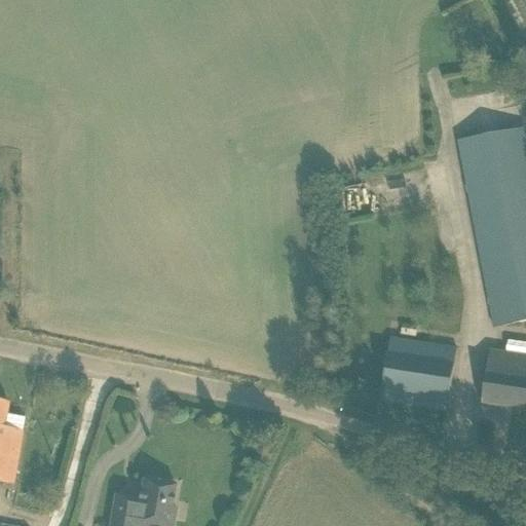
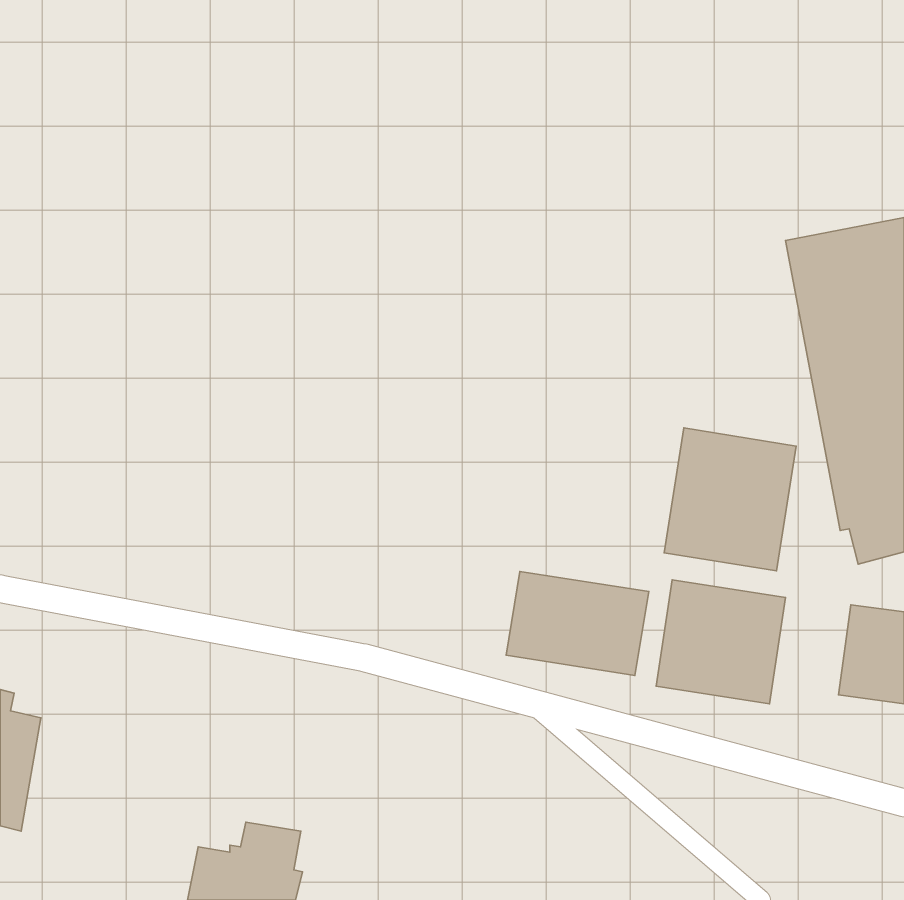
building: none -> [664,428,796,571]
building: none -> [506,571,649,675]

